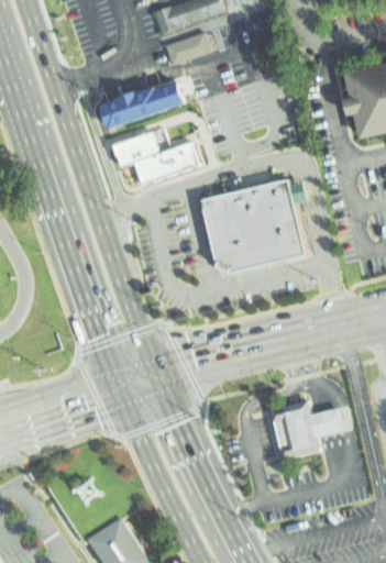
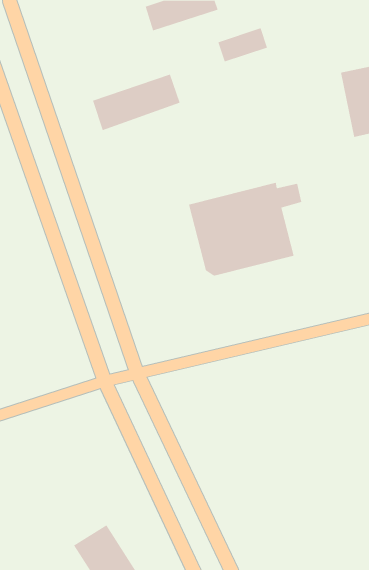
building: [164,30,213,64] -> [218,28,268,62]
building: [109,130,194,180] -> none
building: [266,398,349,455] -> none

